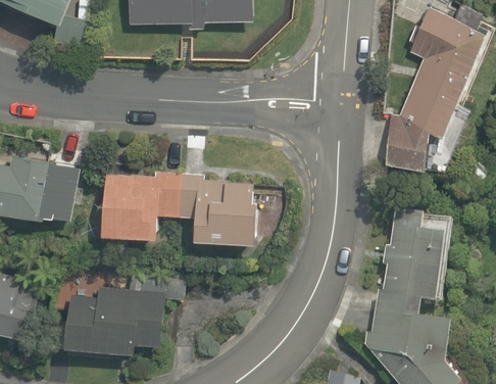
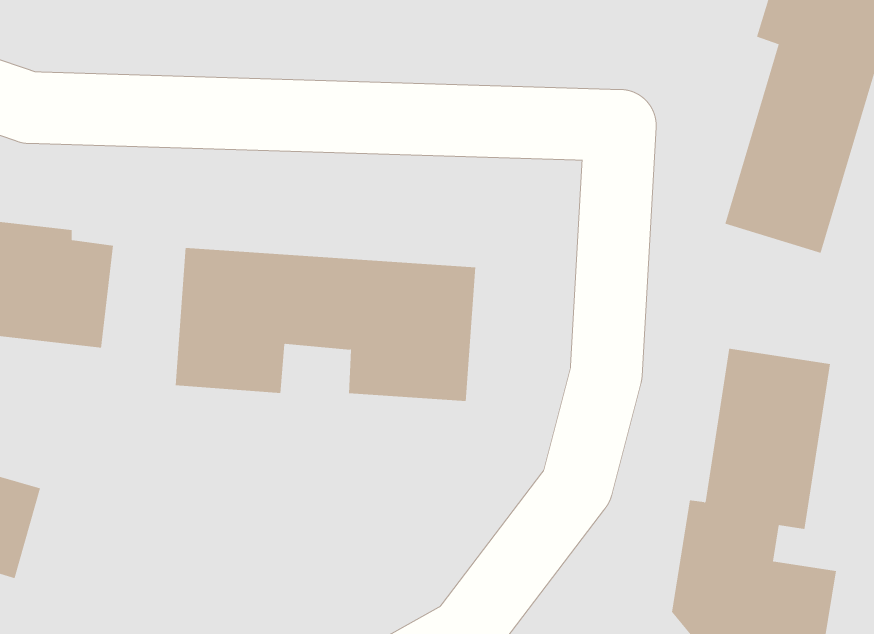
building: [69,265,184,351] -> none

